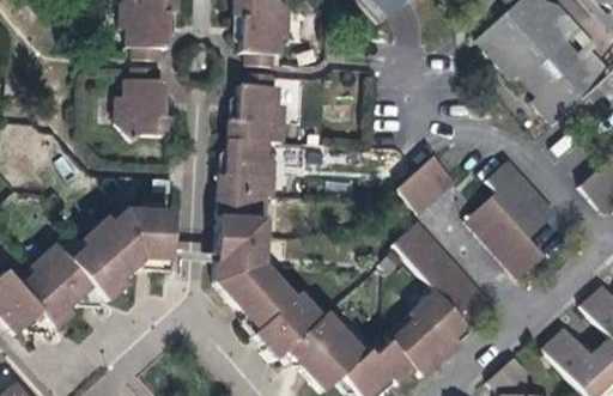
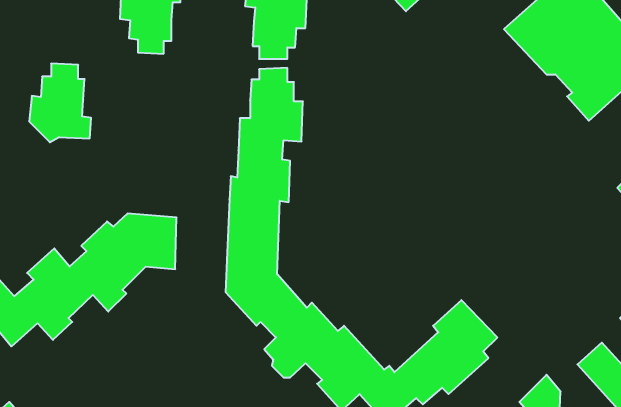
building: [113,66,170,139] -> [29,64,91,142]
building: [397,157,455,213] -> none
building: [466,171,556,278] -> none
building: [394,221,494,323] -> none

